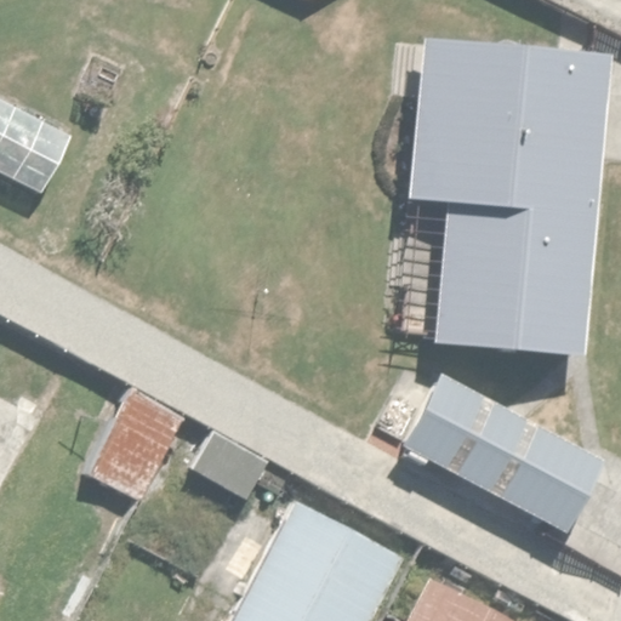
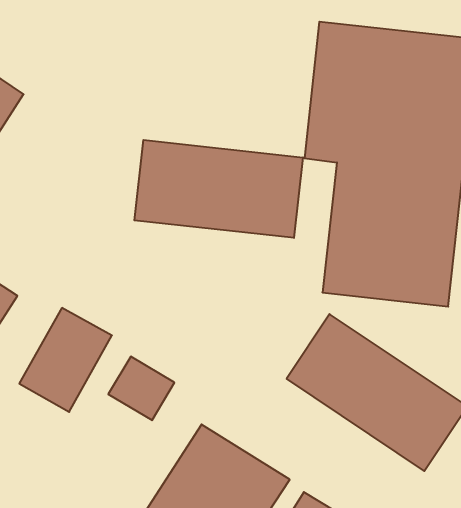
building: none -> [134,140,303,238]

